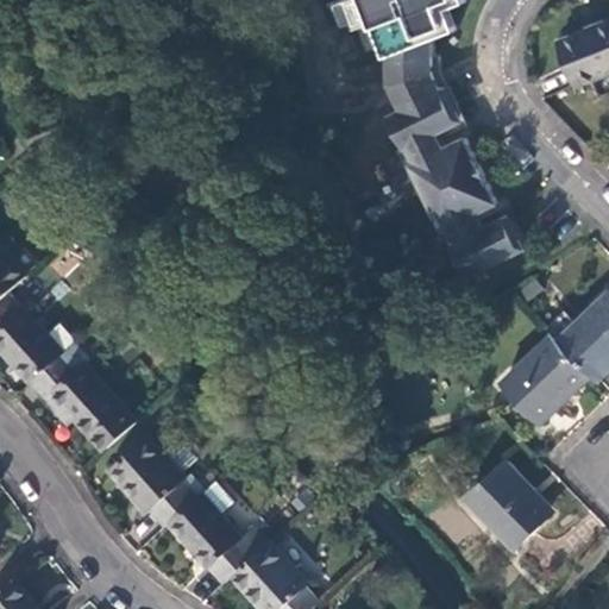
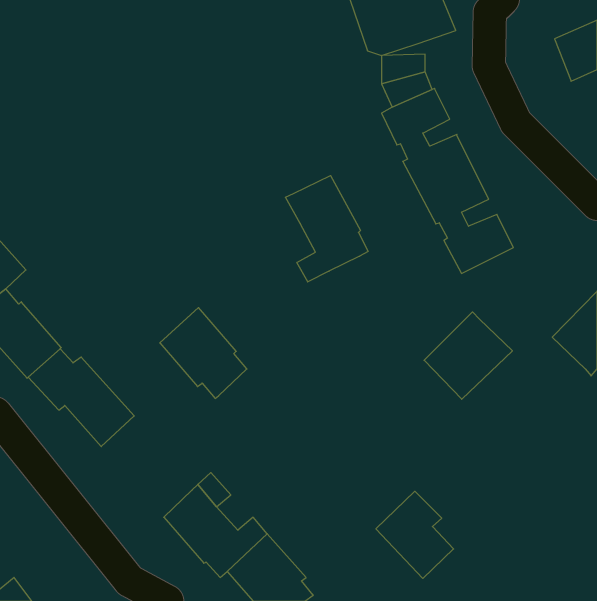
building: none -> [285,176,368,282]
building: [502,333,591,421] -> [424,312,512,399]
building: [106,433,194,525] -> [160,308,247,398]
building: [465,460,544,548] -> [376,491,454,578]

